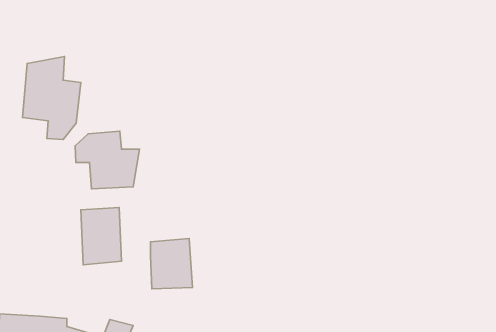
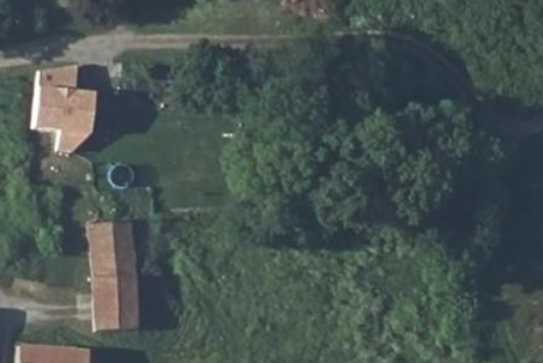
building: [75,131,139,189] -> none
building: [151,238,193,289] -> [96,279,139,331]

